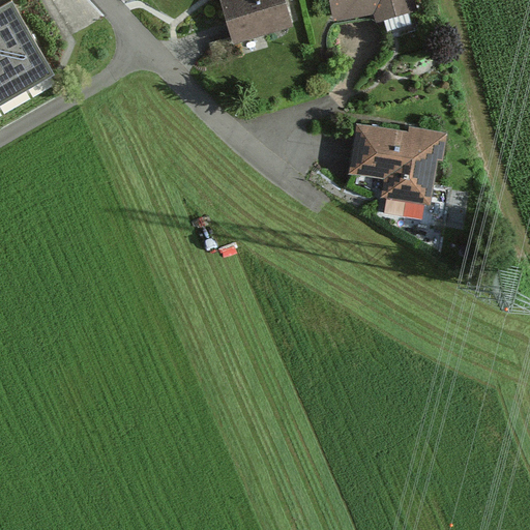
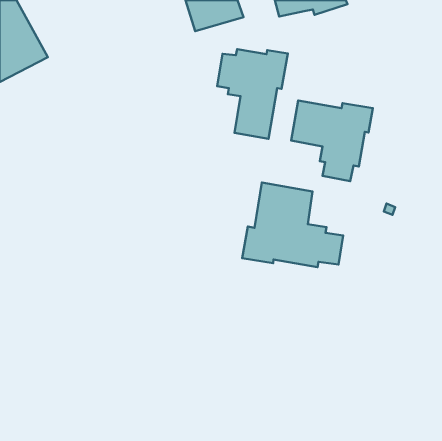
building: none -> [217,49,288,139]
building: none -> [242,183,343,267]

